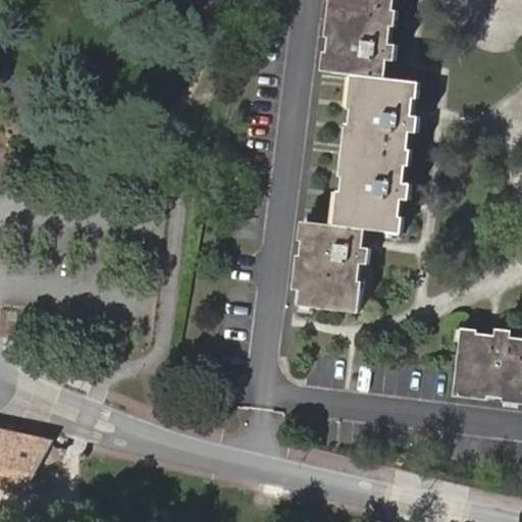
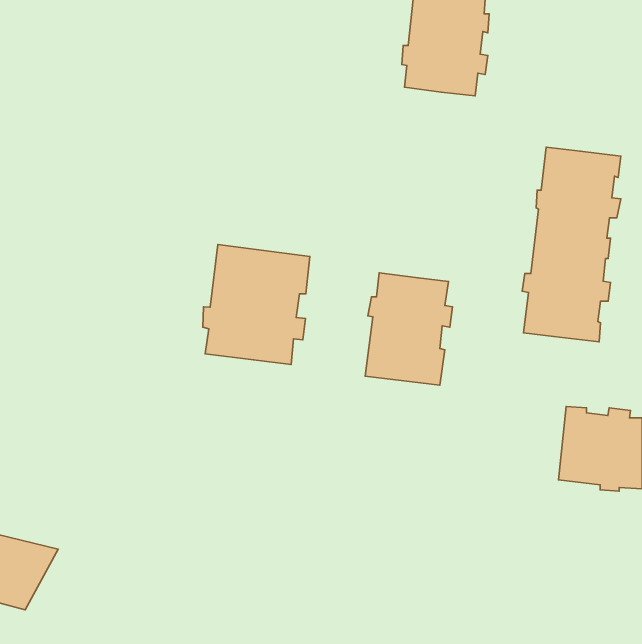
building: [336,74,416,231] -> [522,147,621,342]
building: none -> [203,244,310,364]

